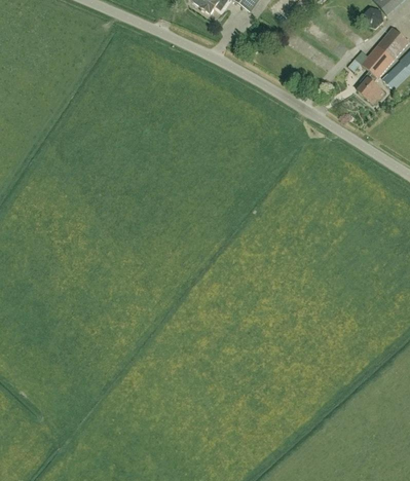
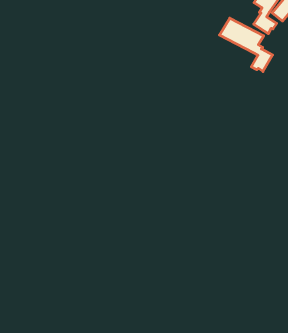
building: none -> [219,18,273,72]

